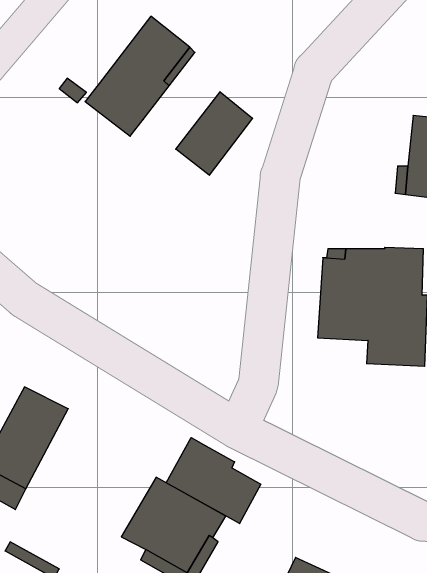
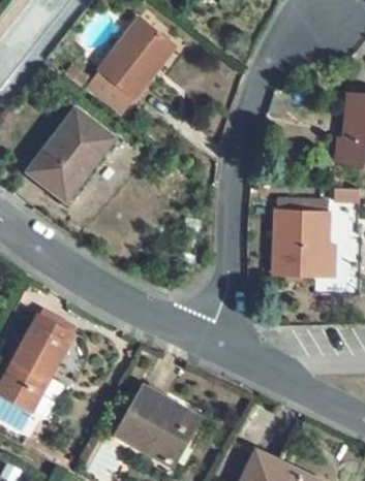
building: [176,92,253,175] -> none
building: none -> [28,109,112,199]
building: [166,438,261,524] -> none

